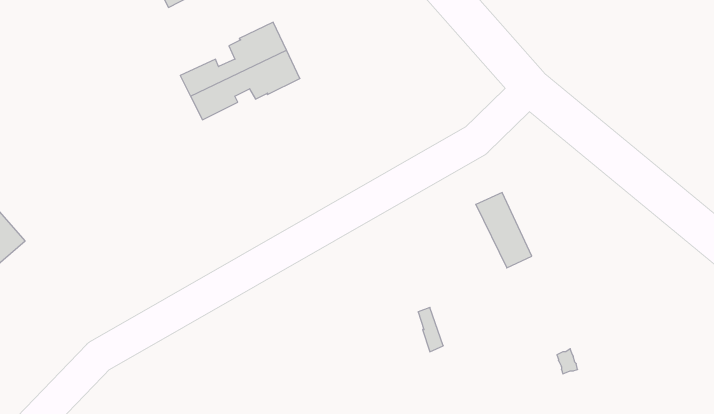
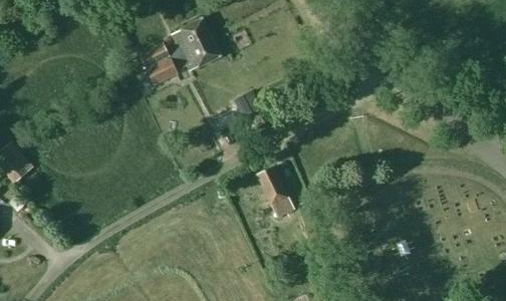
building: [476,193,532,268] -> [258,167,296,218]

